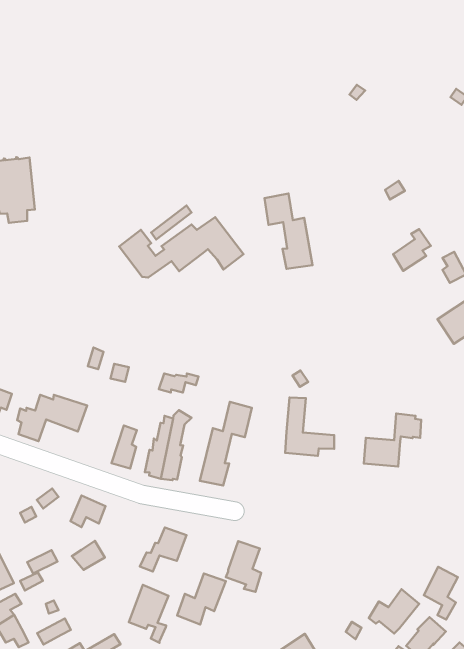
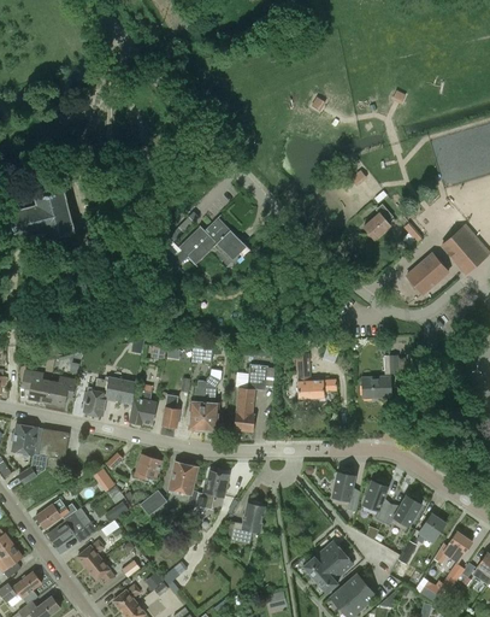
building: [264,194,312,269] -> none
building: none -> [129,383,157,424]
building: [226,541,261,592] -> [331,472,359,511]
building: [424,567,458,619] -> [362,481,389,522]
building: [129,585,169,643] -> [169,462,199,506]

